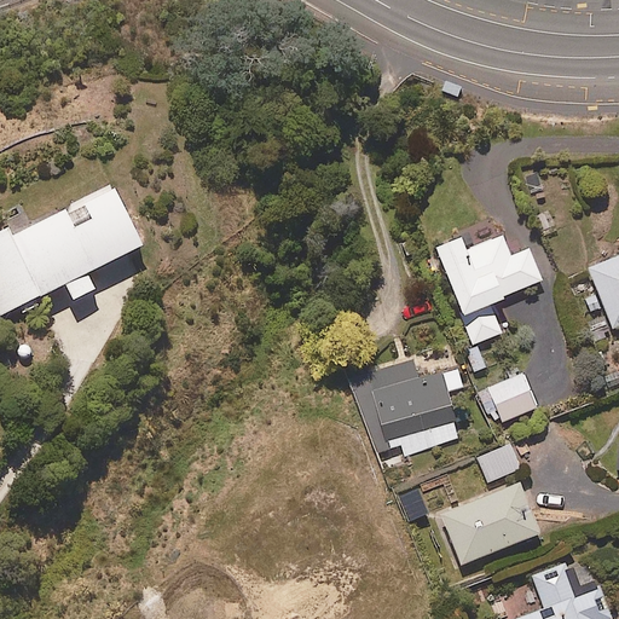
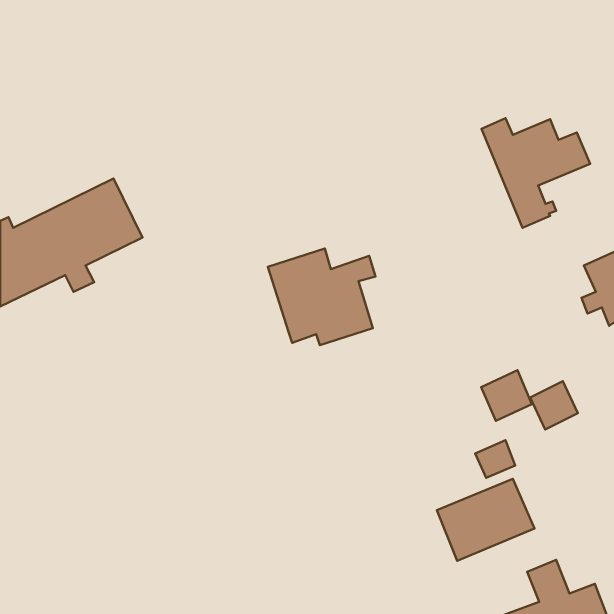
building: [432,235,540,345] -> [481,118,590,228]
building: [354,360,462,457] -> [268,249,375,345]
building: none -> [530,381,578,429]

